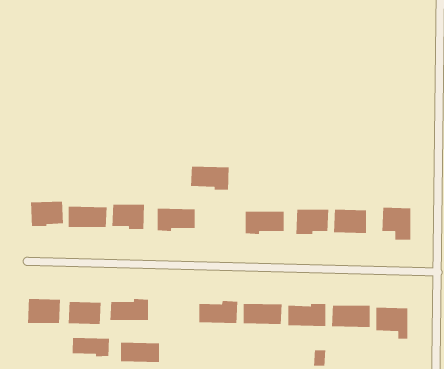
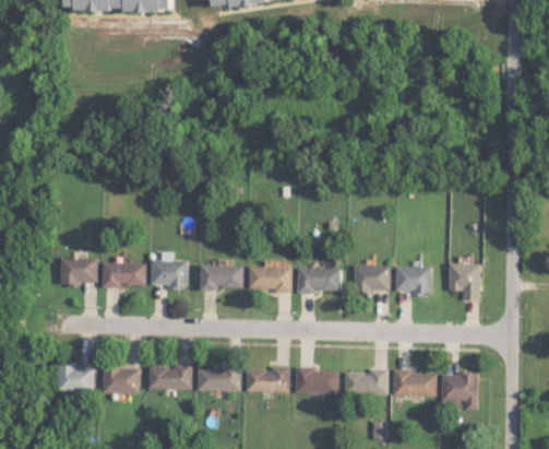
building: [190,166,230,191] -> [249,265,293,293]
building: [72,337,110,357] -> none
building: [120,342,160,363] -> [198,368,241,391]

